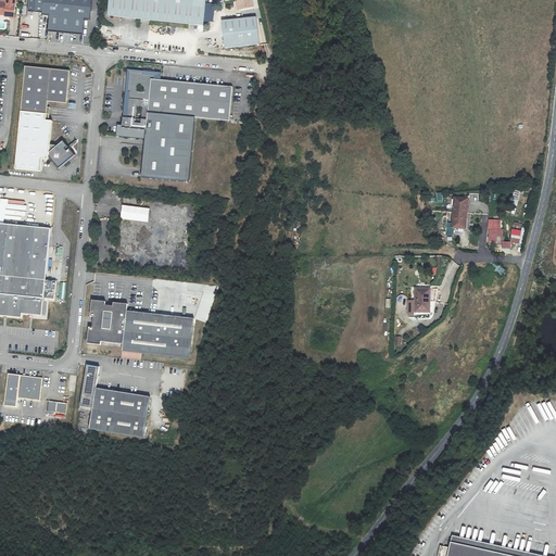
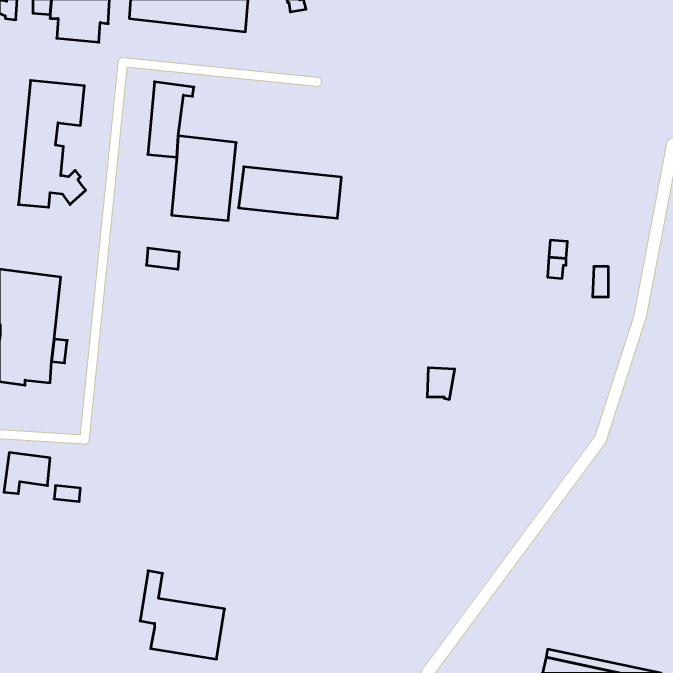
building: [220,17,258,49] -> none
building: [147,78,231,121] -> [238,167,341,218]
building: [414,288,437,314] -> [427,368,455,399]
building: [86,299,193,358] -> none
building: [79,364,149,437] -> [140,571,225,659]

